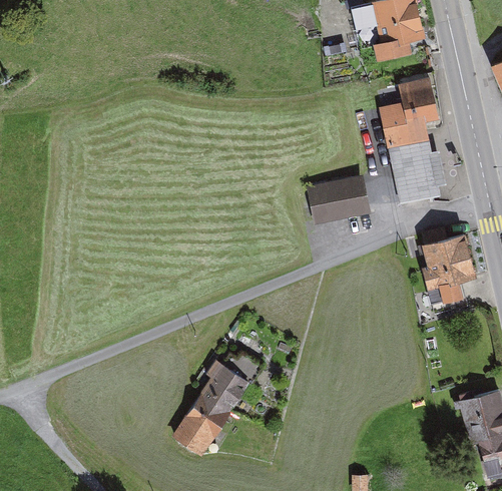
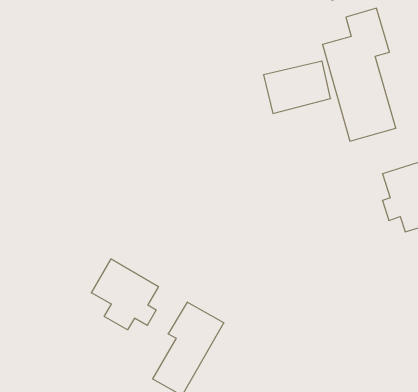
building: [301,173,368,223] -> [263,61,331,113]
building: none -> [91,259,158,330]

